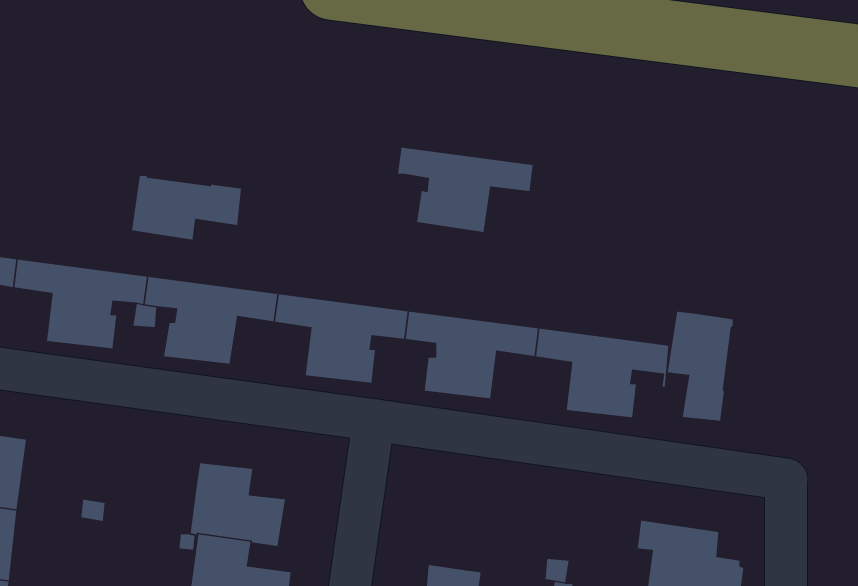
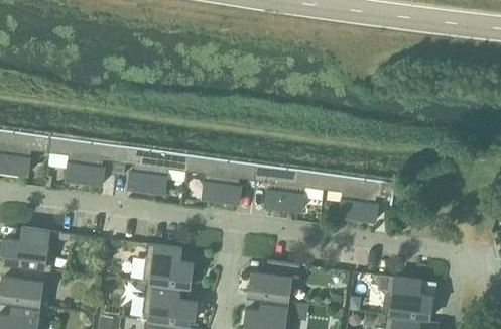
building: [397,147,534,233] -> none
building: [131,175,242,241] -> none
building: [667,311,733,421] -> none
building: none -> [249,260,300,301]

